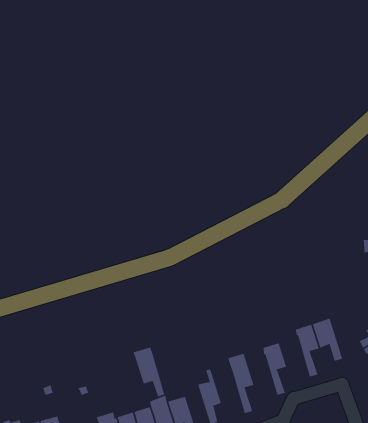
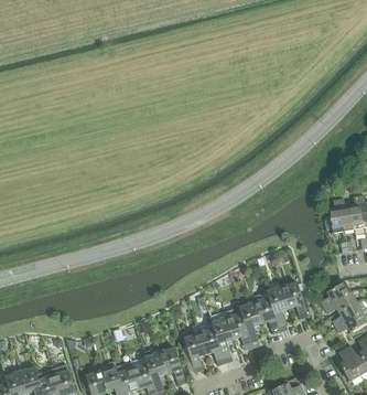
building: none -> [252,291,280,334]
building: [133,346,165,397] -> [197,322,225,365]
building: none -> [225,307,252,350]

